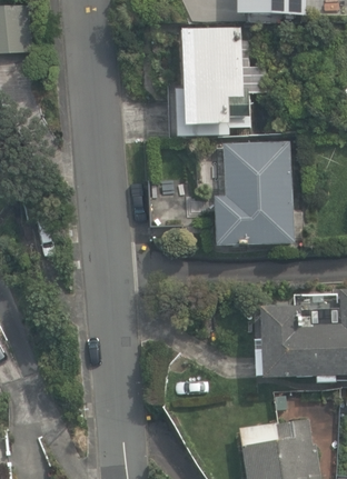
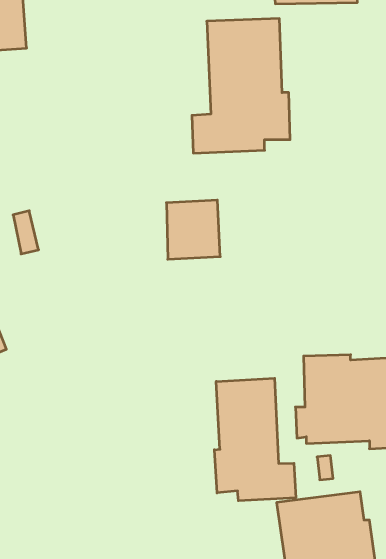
building: [215,140,295,246] -> none
building: none -> [214,378,296,501]

